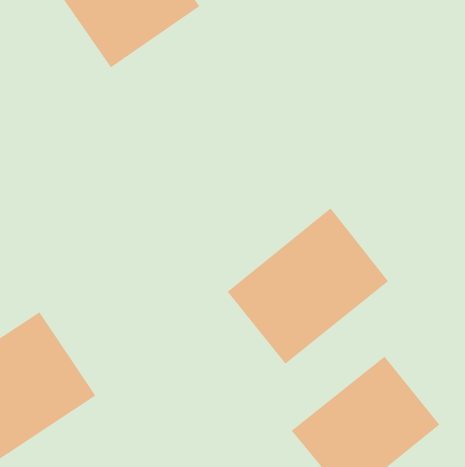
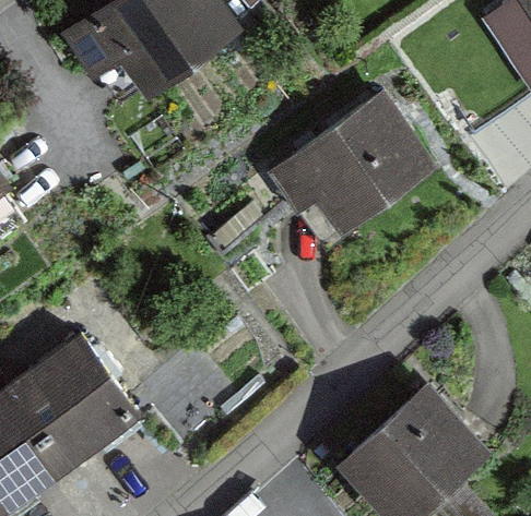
building: none -> [272,100,438,243]
building: [227,207,389,364] -> none

